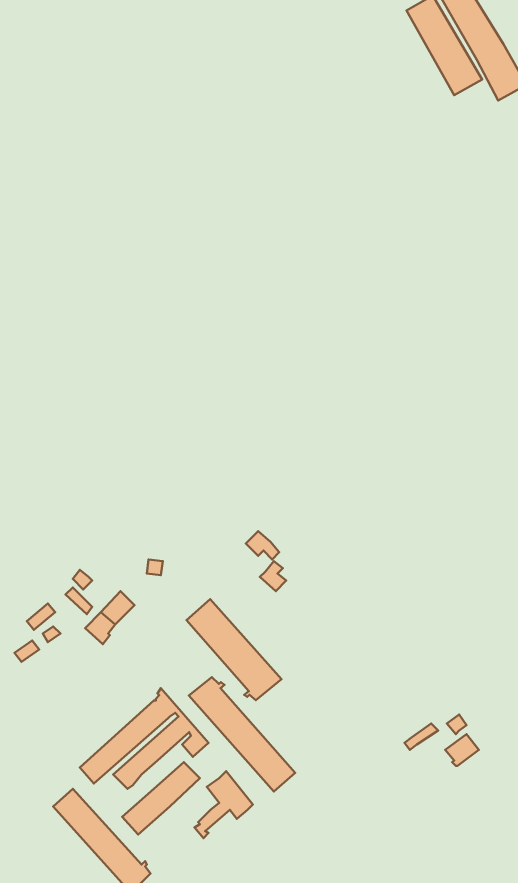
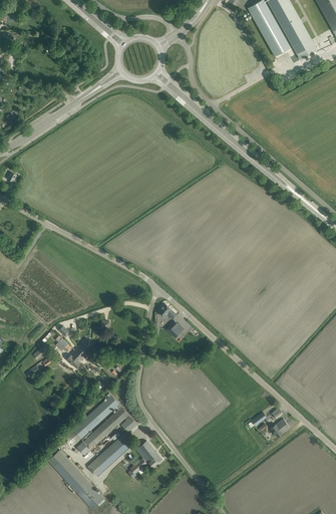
building: [186,599,281,700] -> none
building: [189,677,295,792] -> none

